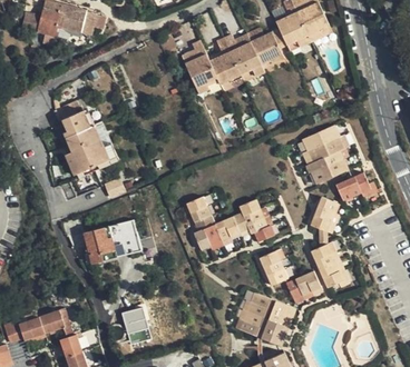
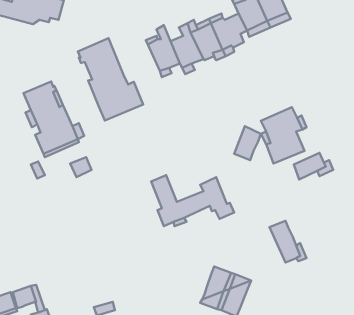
building: none -> [78,38,143,121]
building: [309,197,336,232] -> [234,126,261,160]
building: [82,221,139,264] -> none
building: [258,251,286,285] -> none
building: [285,271,320,299] -> none
building: [119,307,146,334] -> none

